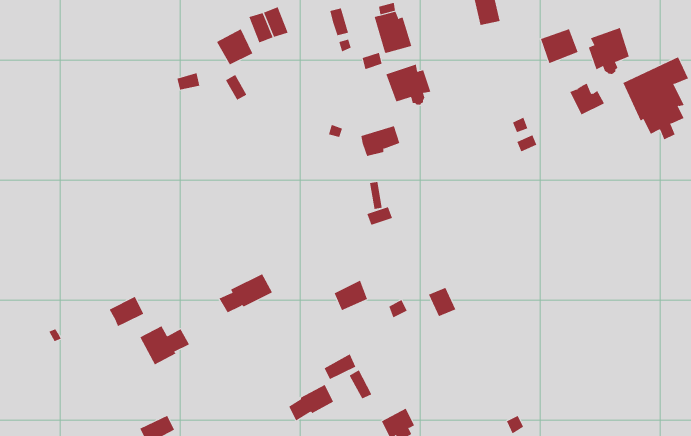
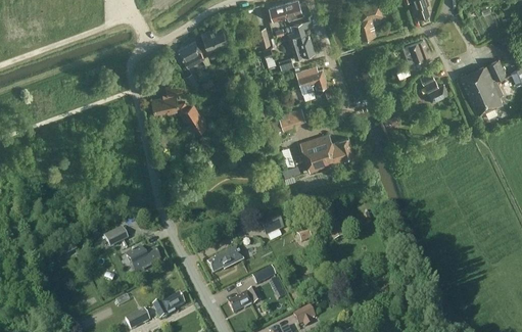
building: [588,27,630,75] -> none
building: none -> [151,82,205,131]
building: none -> [299,133,353,172]
building: [218,273,273,313] -> [206,245,244,273]
building: none -> [152,293,184,319]

